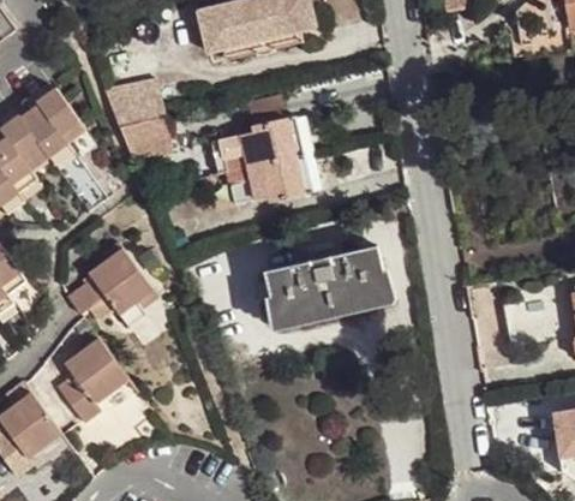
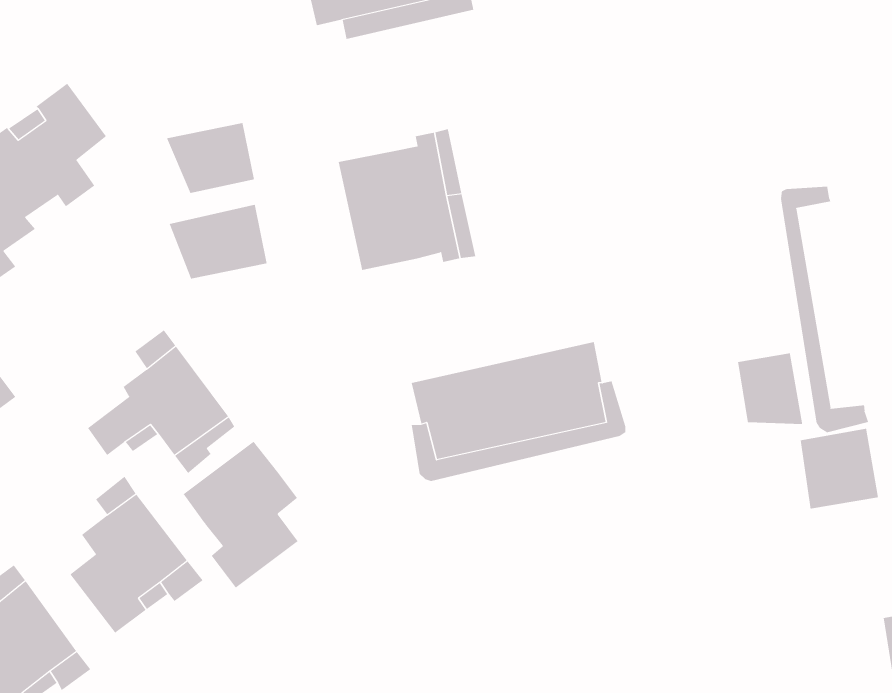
building: [102,74,162,120] -> [169,204,267,279]
building: none -> [781,186,869,433]
building: none -> [737,352,803,425]
building: none -> [183,441,299,588]

